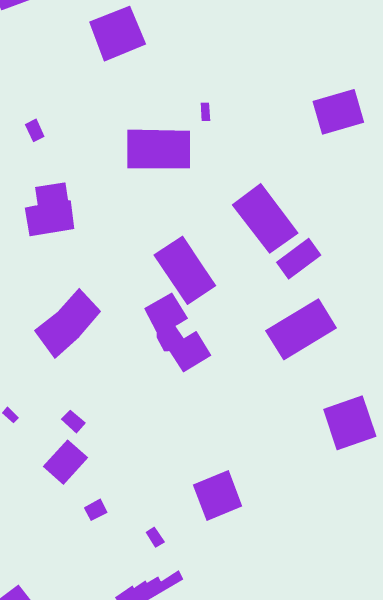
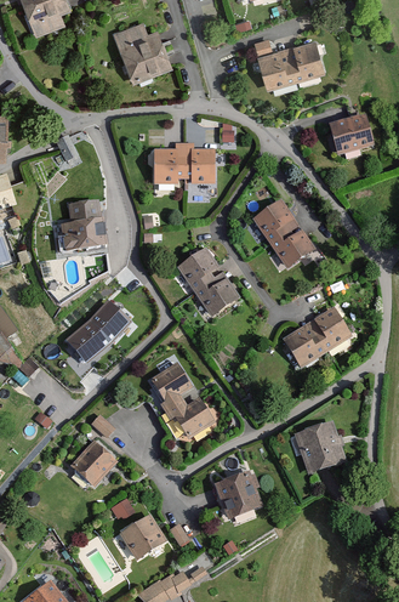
building: none -> [253,39,326,92]
building: [275,236,323,281] -> none
building: [143,291,212,374] -> [149,360,215,438]
building: [322,395,377,451] -> [293,420,346,473]
building: none -> [120,513,166,558]

